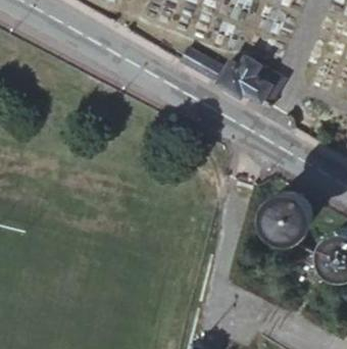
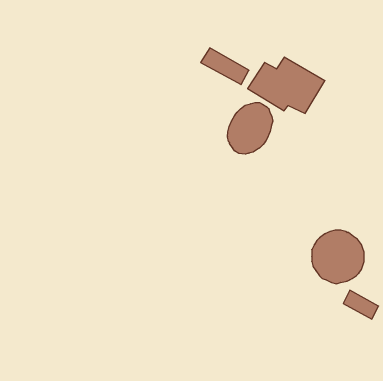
building: none -> [228,103,273,154]

